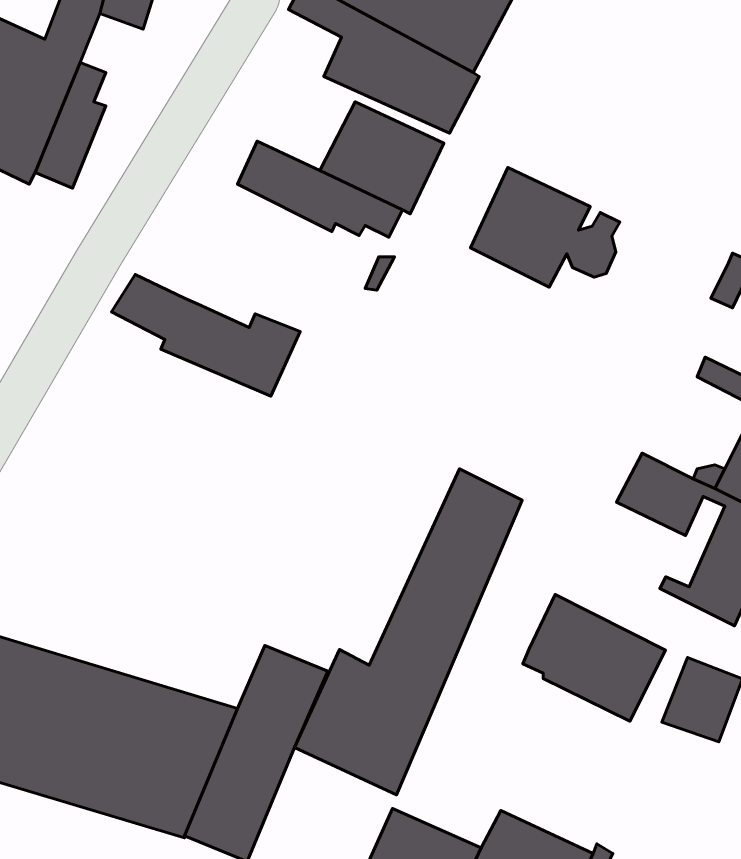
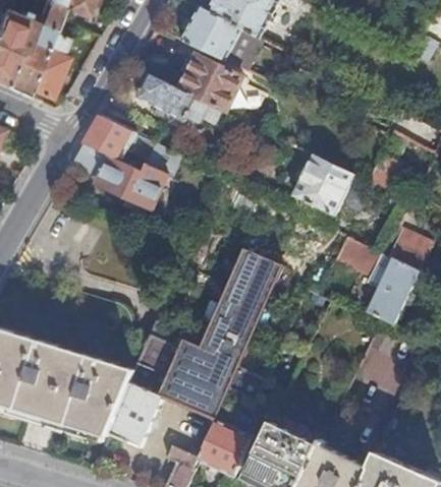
building: [470,167,620,287] -> [291,155,369,217]
building: none -> [81,117,134,160]
building: [523,594,666,721] -> none

